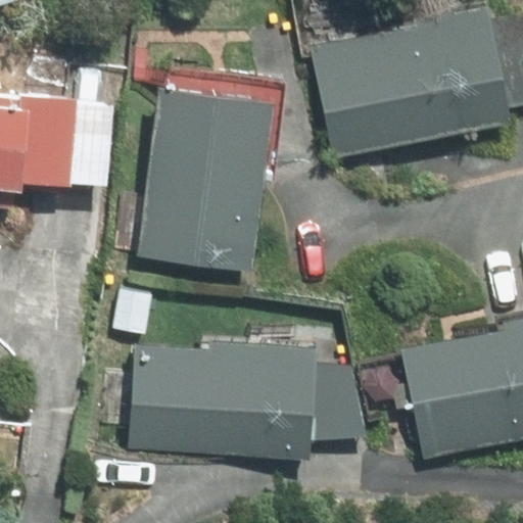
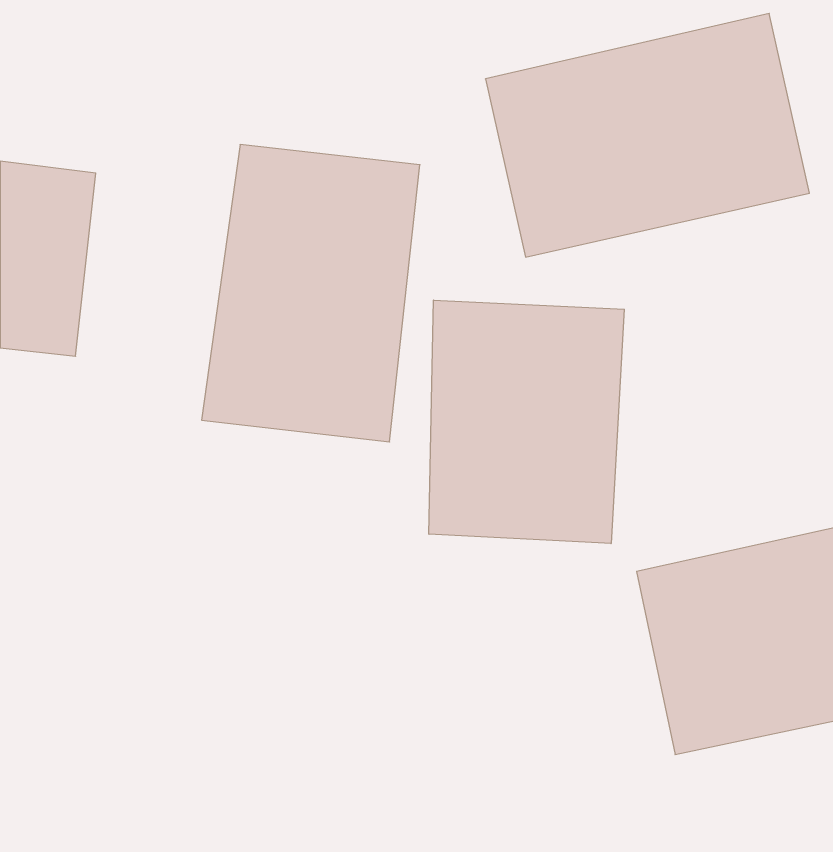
building: none -> [429,300,624,544]
building: [137,342,312,453] -> none

